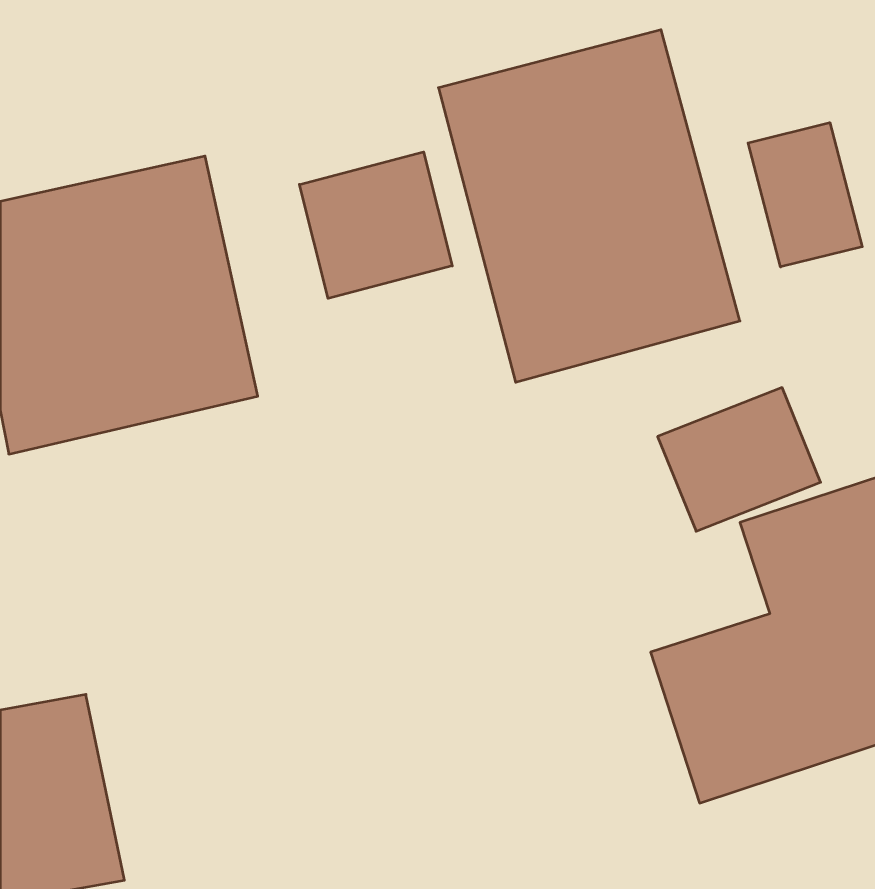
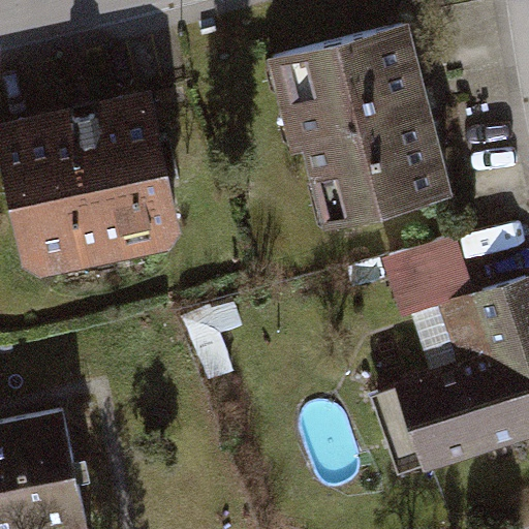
building: [748,123,862,267] -> none
building: [299,152,452,298] -> none

